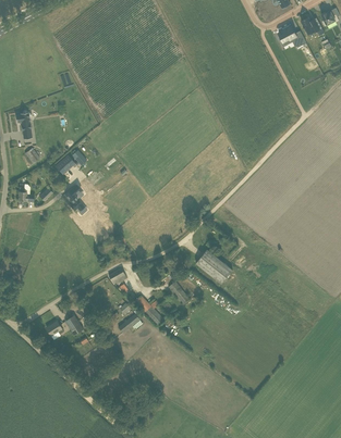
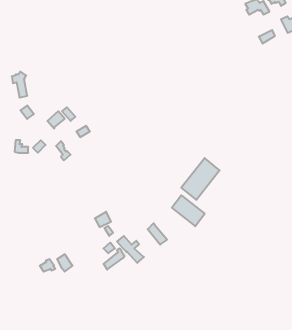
building: none -> [181,158,220,200]

